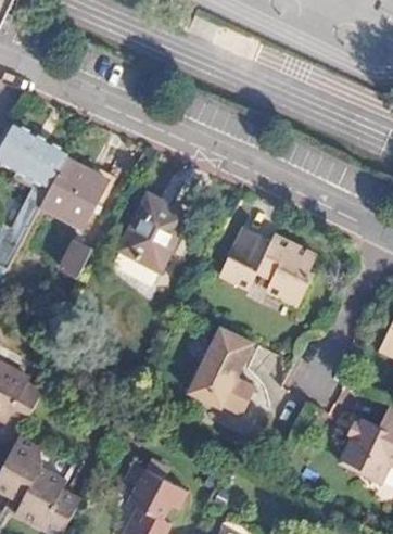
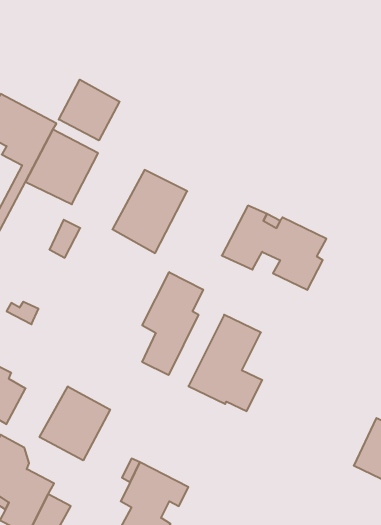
building: none -> [59,80,120,140]
building: none -> [142,272,203,375]
building: none -> [40,386,110,460]

